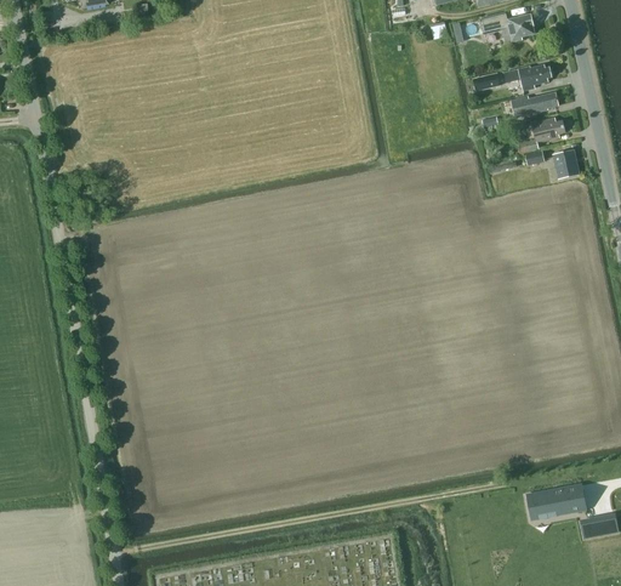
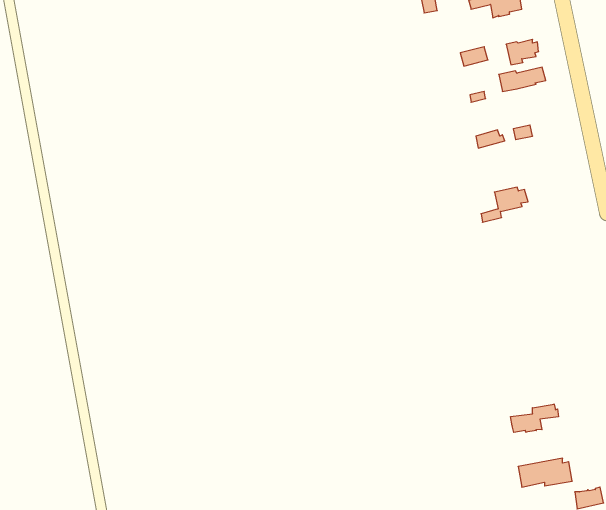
building: [518,118,565,153] -> [481,187,528,222]
building: [552,149,580,178] -> none
building: none -> [511,404,558,432]

